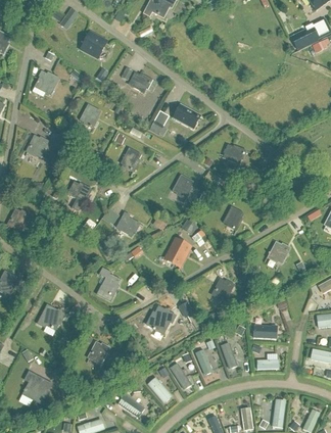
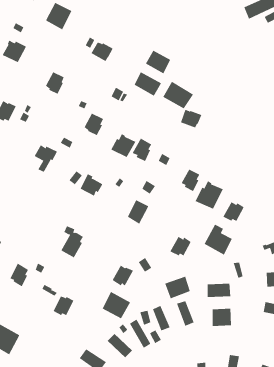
building: none -> [145,50,171,74]
building: none -> [163,81,194,109]
building: none -> [111,133,136,158]
building: none -> [195,180,224,210]
building: none -> [204,224,232,255]
building: none -> [165,276,191,299]
building: none -> [102,291,131,319]

